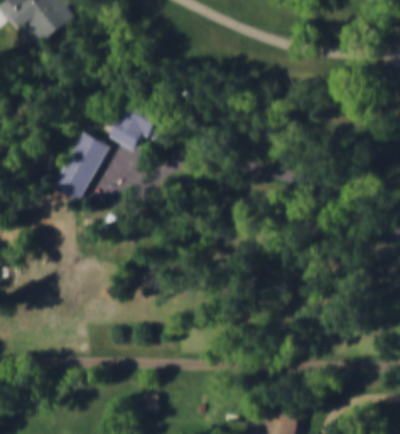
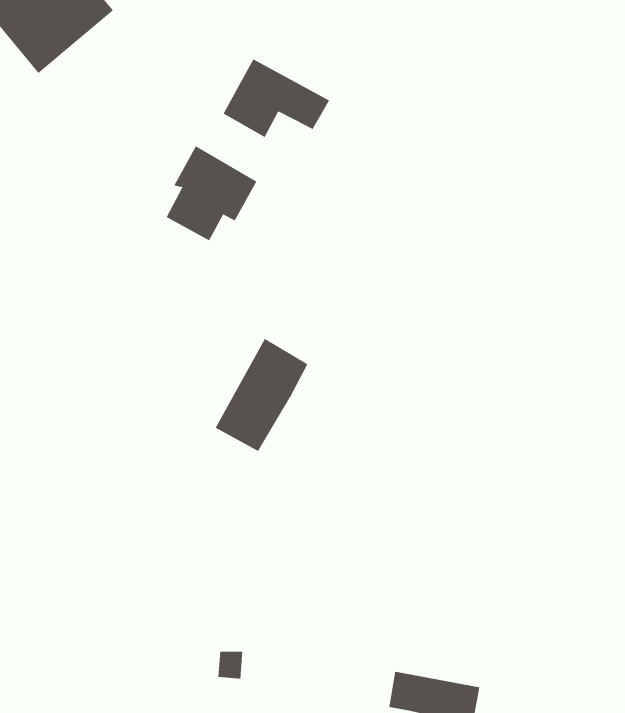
building: none -> [223,58,330,138]
building: [52,133,108,200] -> [215,338,308,452]

